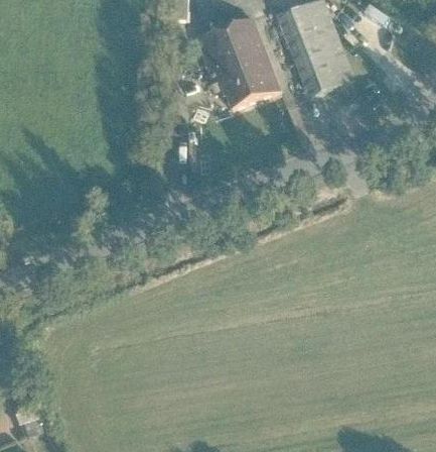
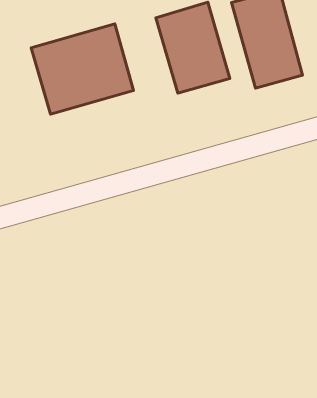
building: none -> [31,24,134,114]

